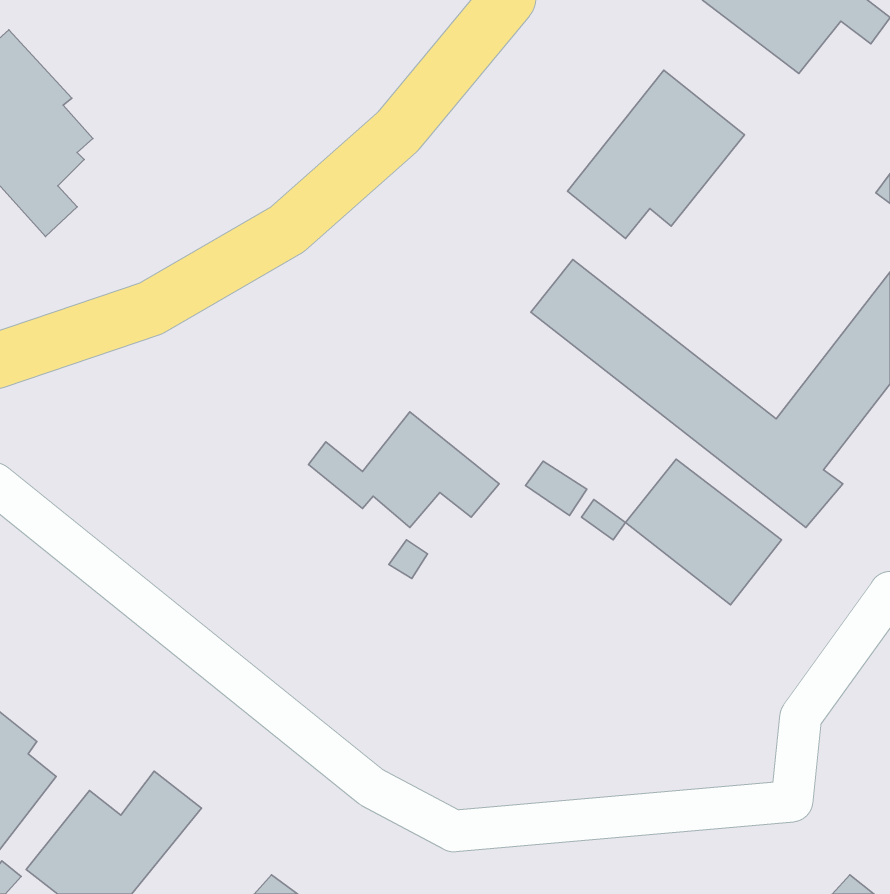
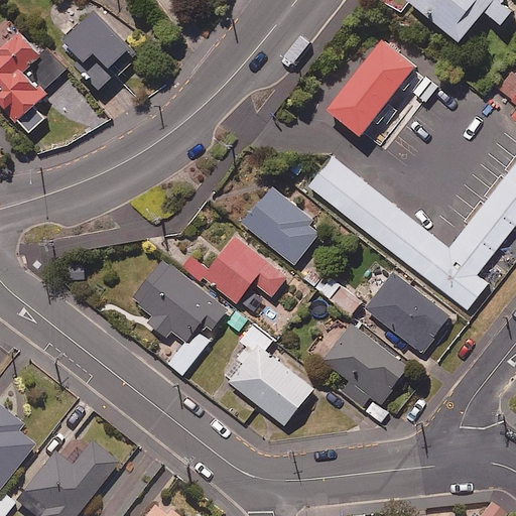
building: none -> [64,14,129,90]
building: none -> [242,187,320,266]
building: none -> [132,259,227,375]
building: none -> [314,321,408,408]
building: none -> [228,326,313,426]

